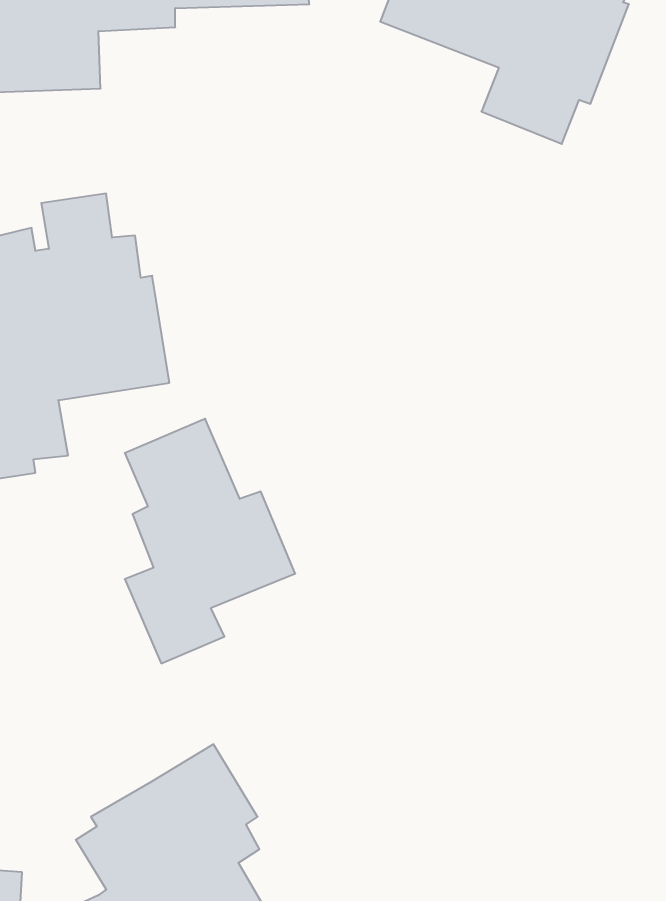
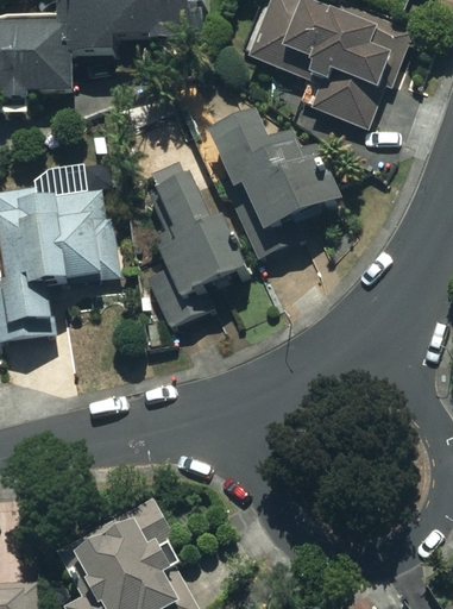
building: none -> [210,112,341,234]
building: [125,419,295,663] -> [146,177,252,329]

